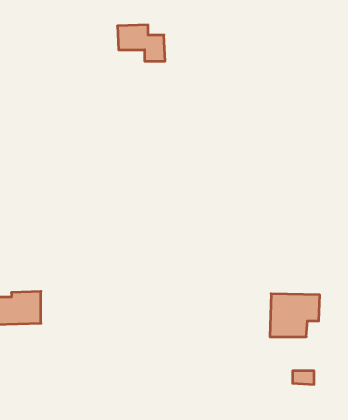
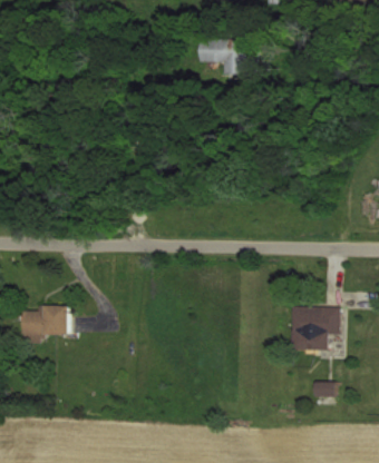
building: [117,25,165,61] -> [198,38,245,73]

